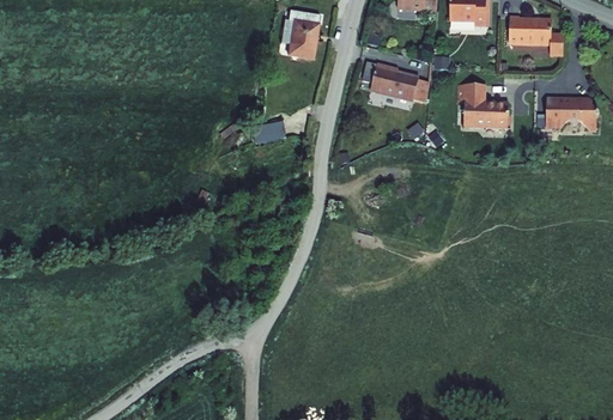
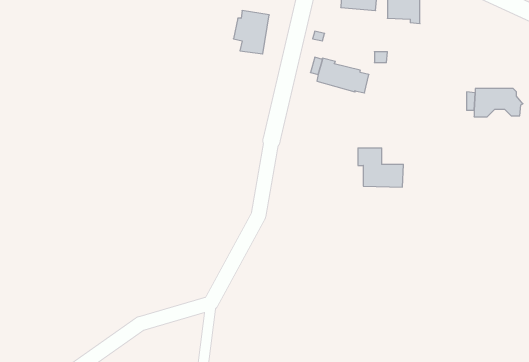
building: [509,17,564,56] -> none
building: [459,85,509,128] -> [358,148,403,187]
building: [251,120,285,144] -> none

